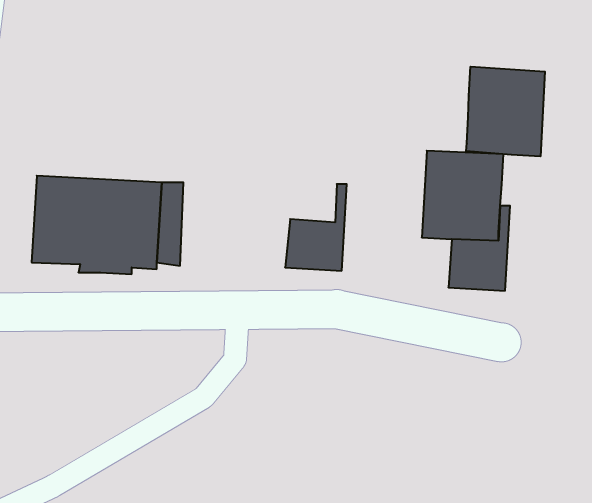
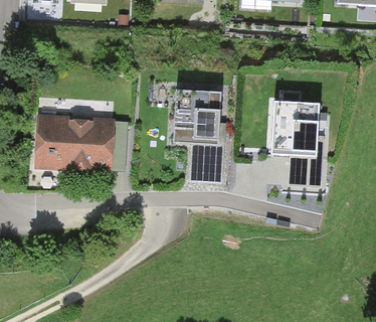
building: [466,67,545,156] -> none
building: none -> [172,90,220,144]

